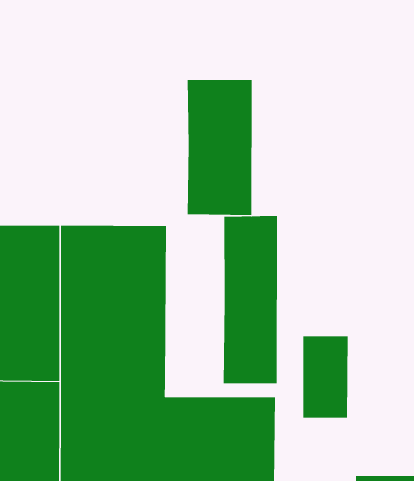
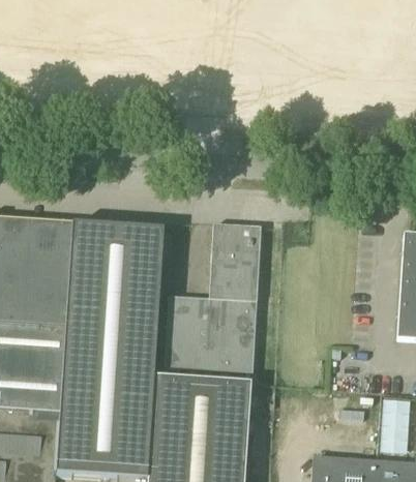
building: [187,79,252,216] -> none
building: [302,336,349,418] -> [167,296,211,369]

